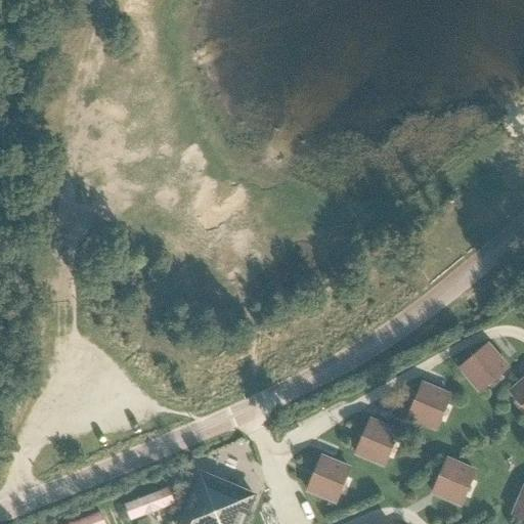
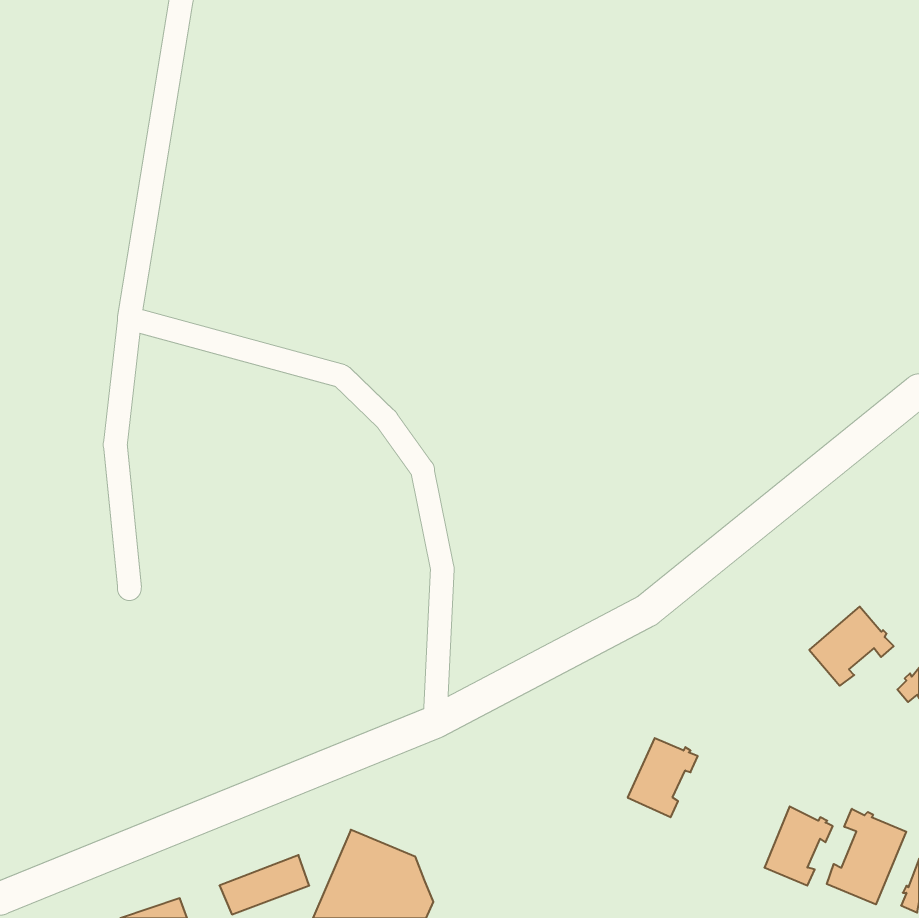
building: [410,384,449,428] -> none
building: [309,456,348,500] -> none
building: none -> [827,809,906,904]

